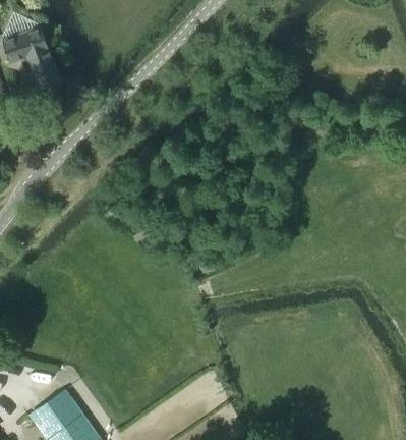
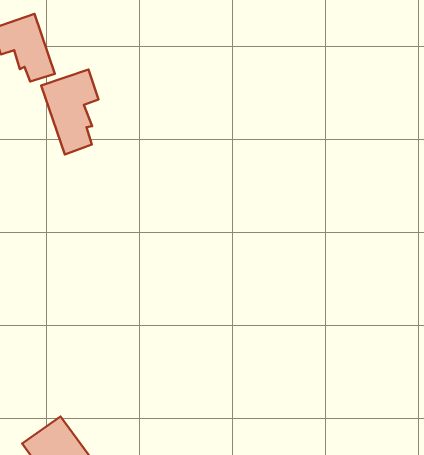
building: none -> [41,69,99,155]

